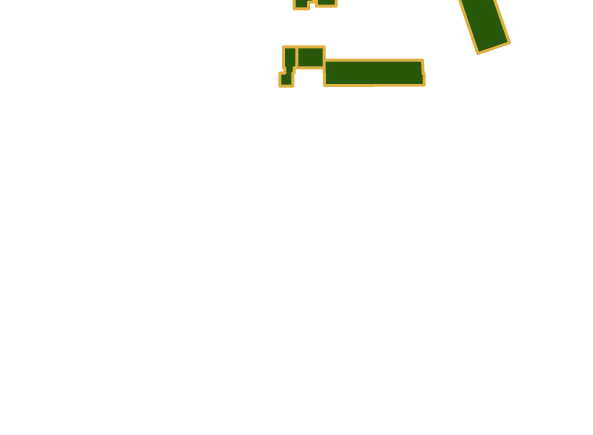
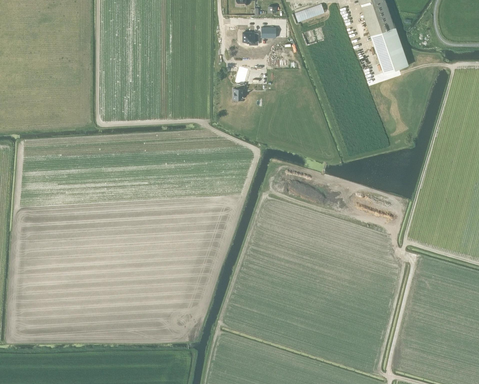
building: [324,60,424,86] -> none

